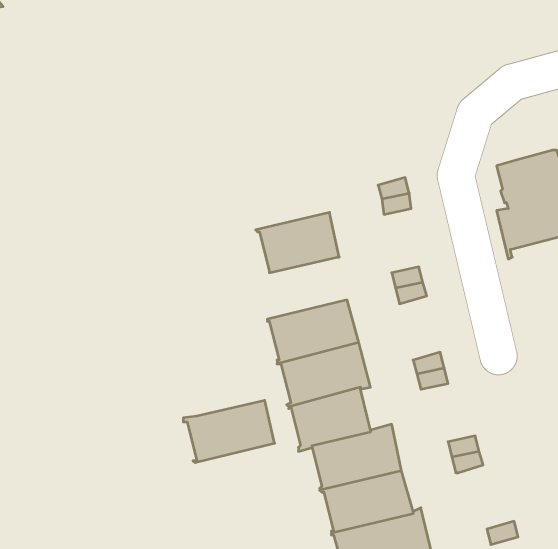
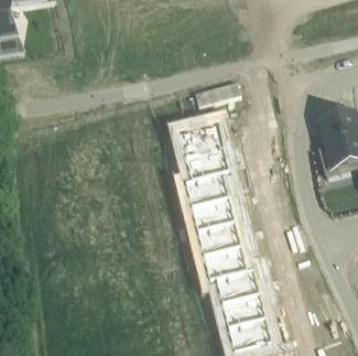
building: none -> [175,121,224,157]
building: [183,400,275,463] -> [182,172,234,207]

